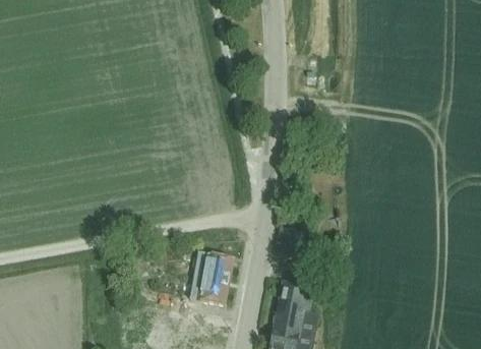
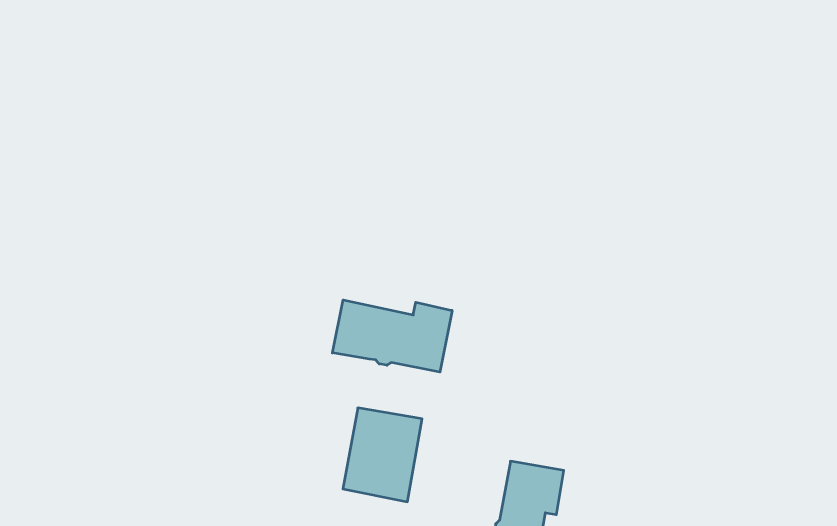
building: none -> [332,300,452,372]

